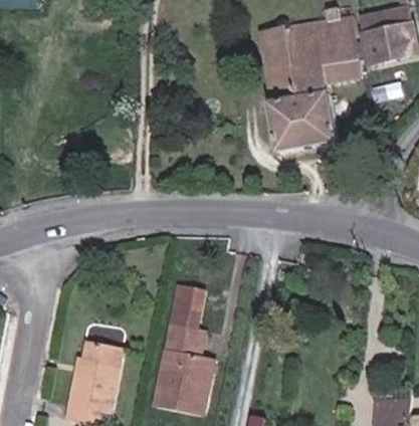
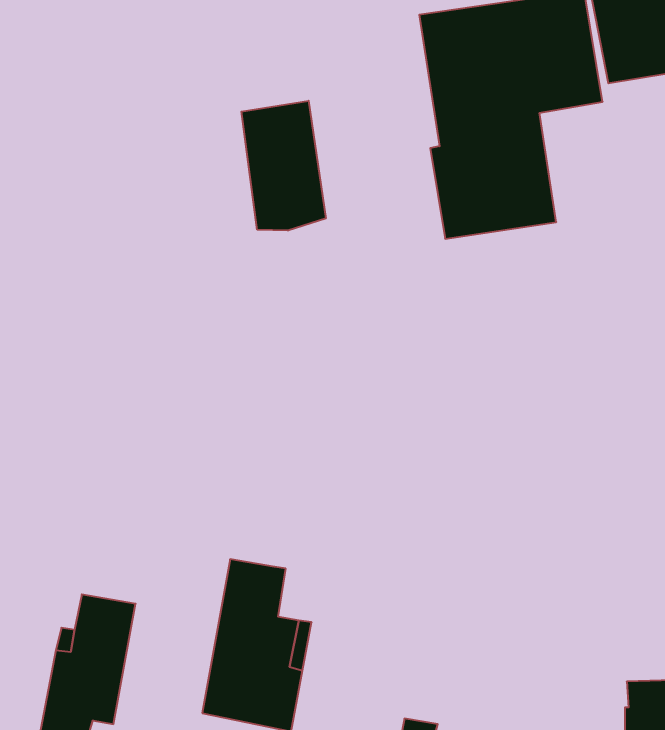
building: none -> [241,101,326,231]
building: [166,285,197,328] -> none

